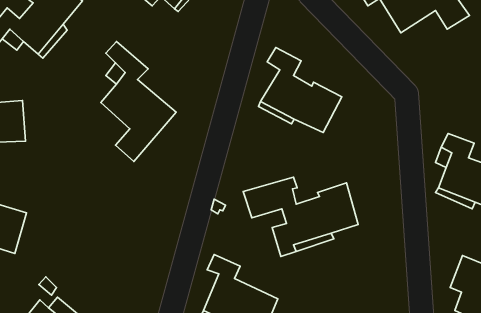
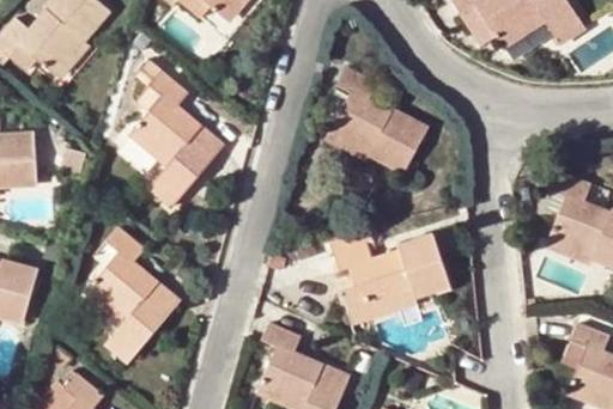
building: none -> [86,226,180,362]

